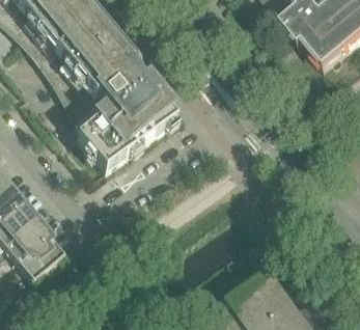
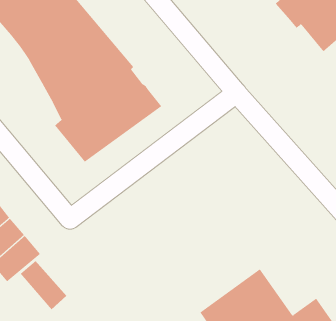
building: none -> [20,260,67,310]

